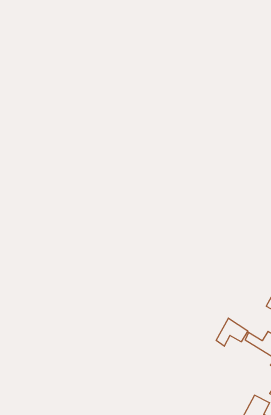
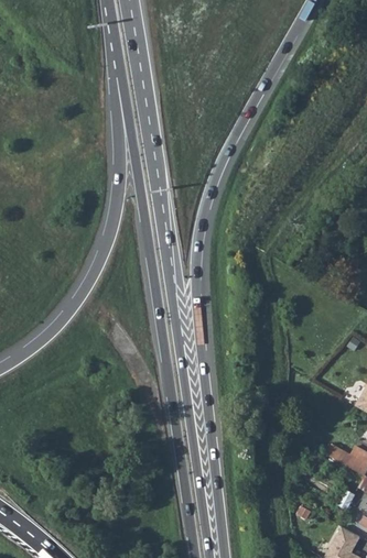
building: [216,318,248,346] -> none

